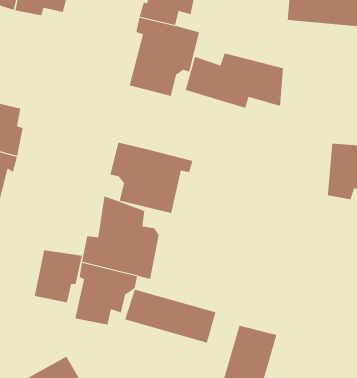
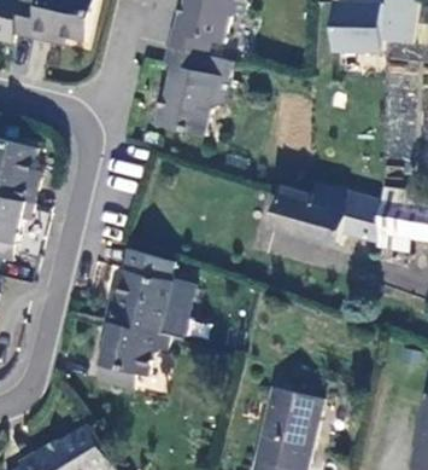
building: [185,53,284,109] -> [269,182,379,244]
building: [110,142,193,214] -> none
building: [34,250,82,303] -> none
building: [125,289,216,343] -> none

